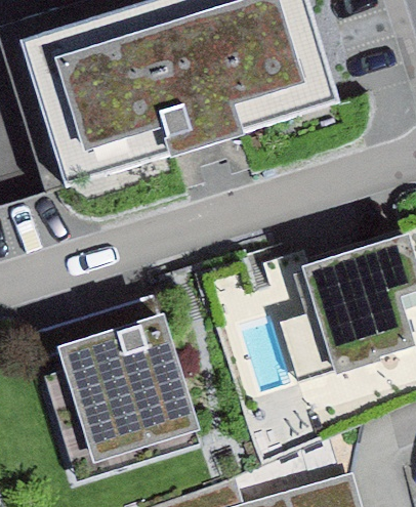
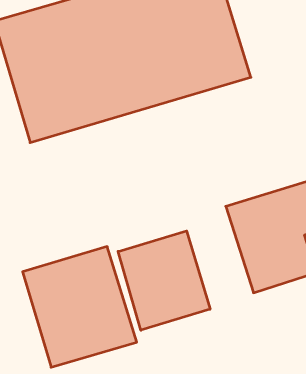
building: none -> [118,231,210,330]

